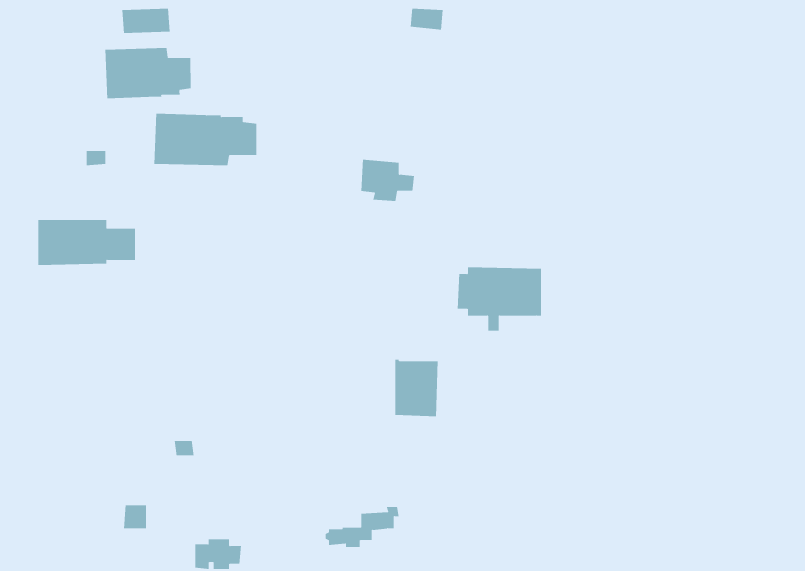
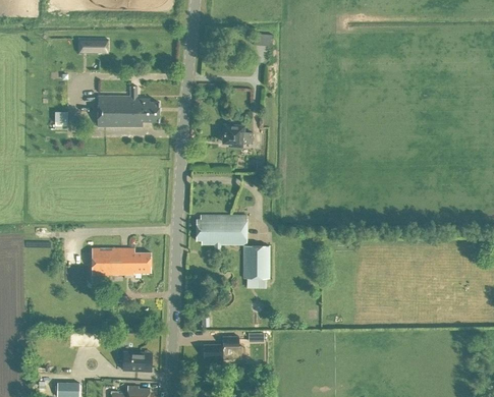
building: [105,47,191,99] -> none
building: [38,220,136,265] -> [92,247,151,275]
building: [457,267,542,331] -> [195,214,245,252]

